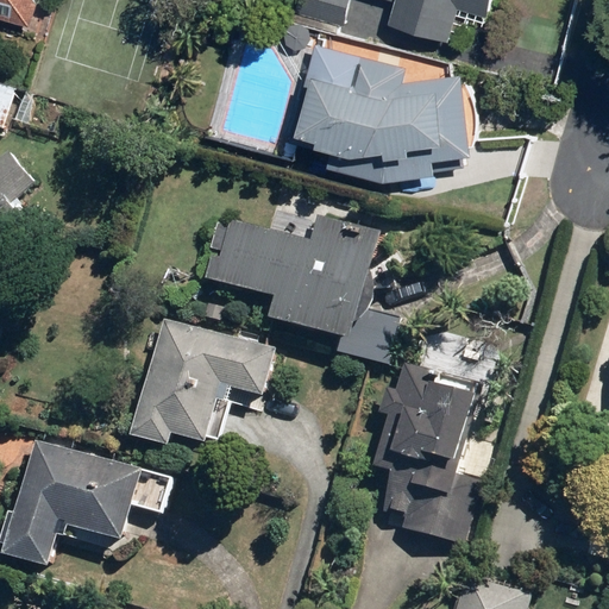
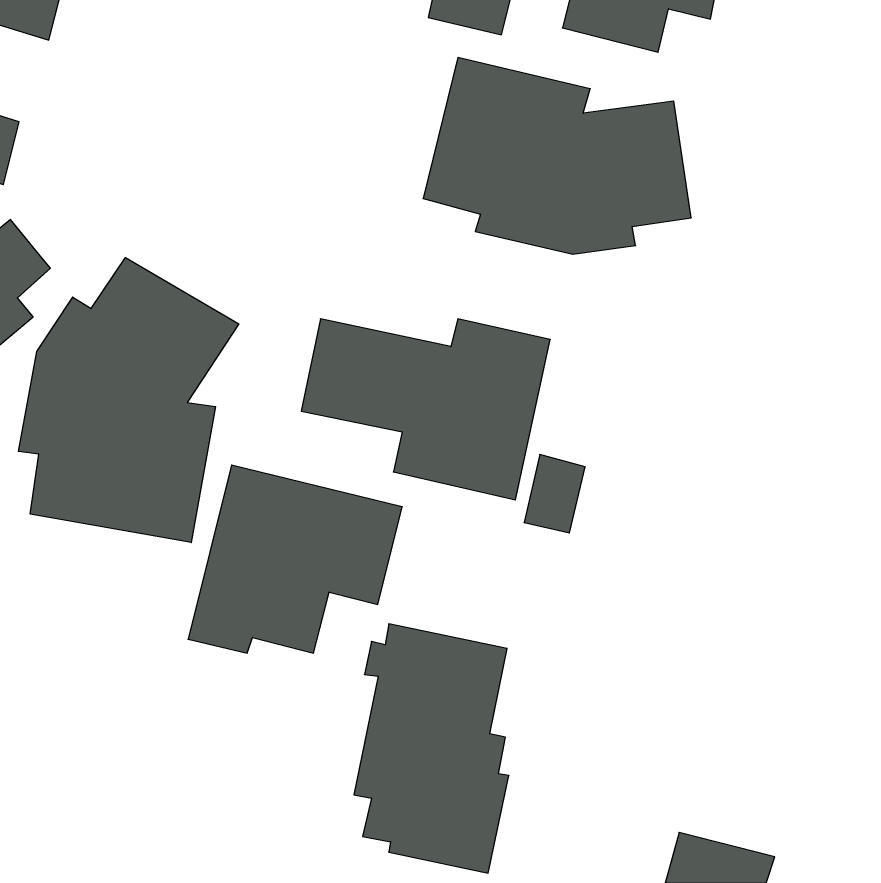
building: none -> [18,258,239,543]
building: [372,373,478,544] -> [354,624,509,873]
building: [5,439,168,566] -> none

